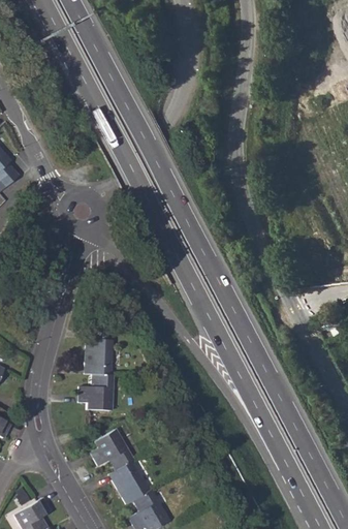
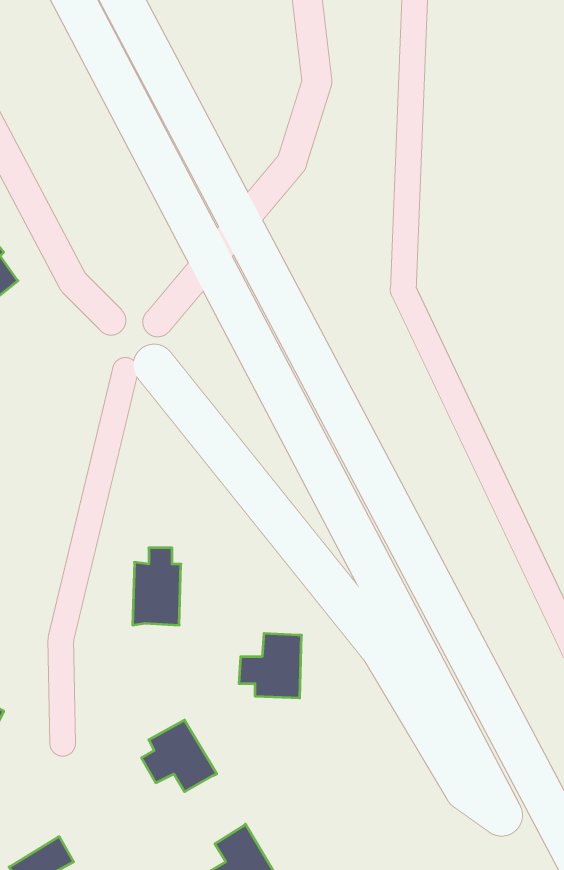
building: [78,373,115,410] -> [239,633,302,698]
building: [109,461,150,504] -> none

